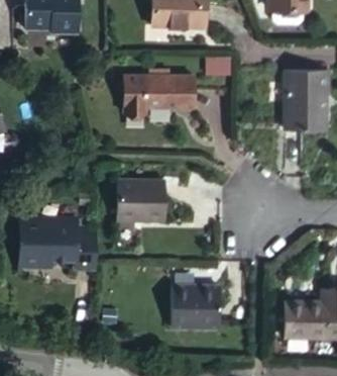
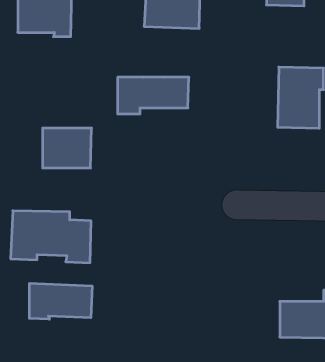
building: [116,180,164,219] -> [43,128,92,168]
building: none -> [29,283,92,319]
building: [171,285,218,327] -> none

